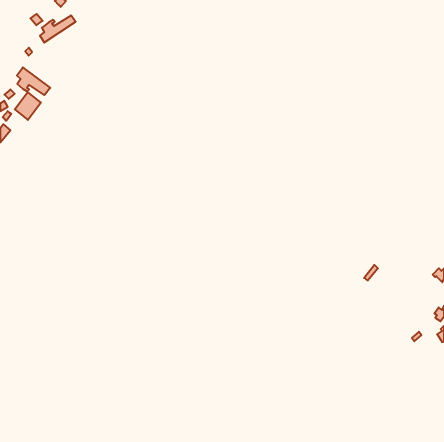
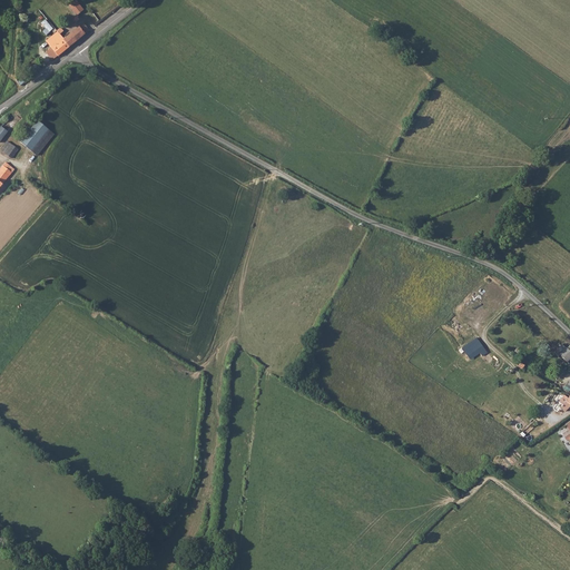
building: [17,67,50,95] -> none

